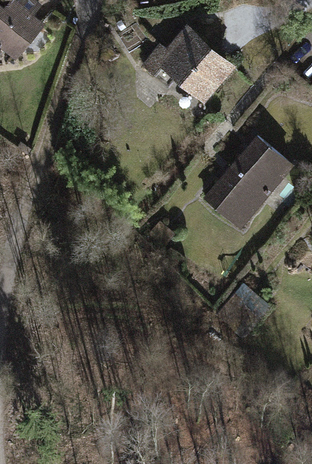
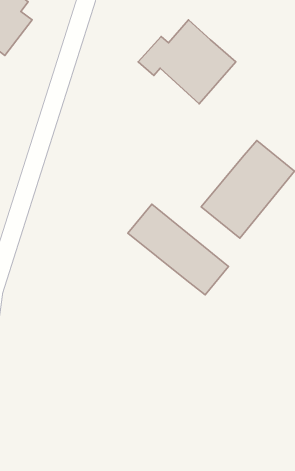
building: none -> [128,204,228,295]

